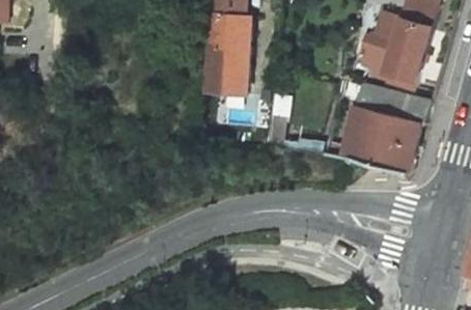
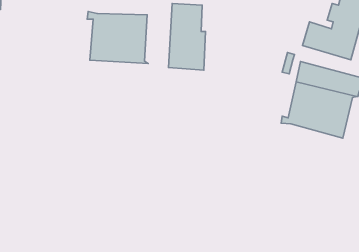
building: none -> [87,11,148,63]

